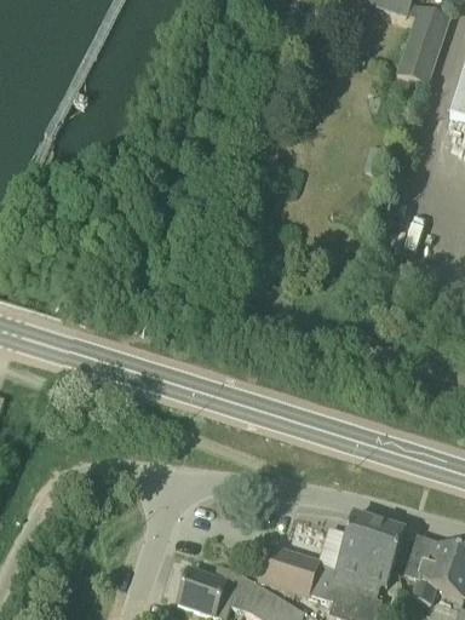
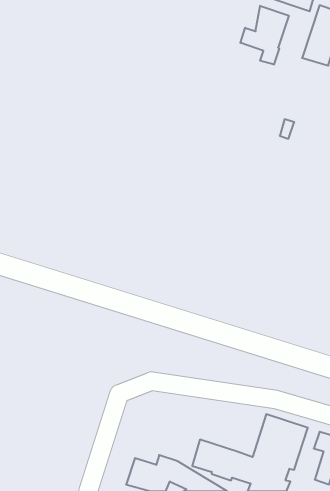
building: none -> [240,6,289,65]

